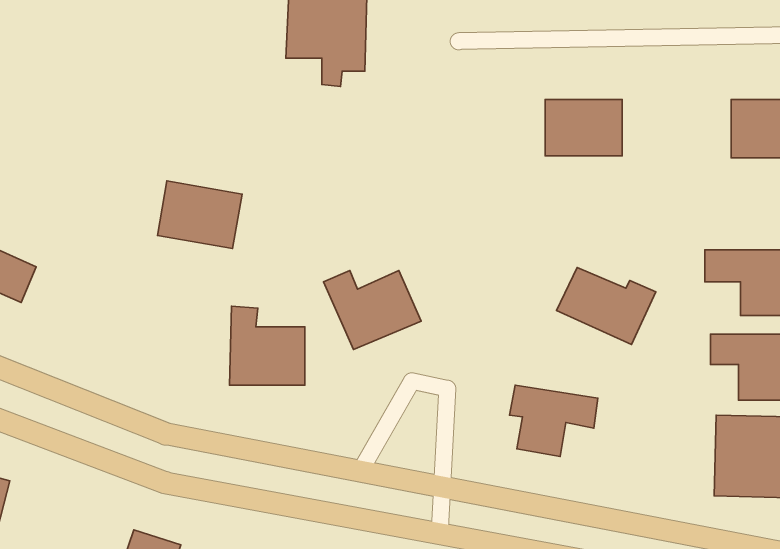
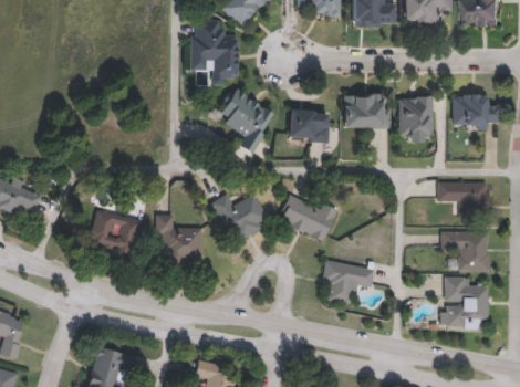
building: none -> [216,88,273,153]
building: none -> [397,95,430,134]
building: none -> [288,109,326,140]
building: [158,181,242,249] -> [86,212,136,252]
building: [556,267,656,344] -> [278,195,336,240]

